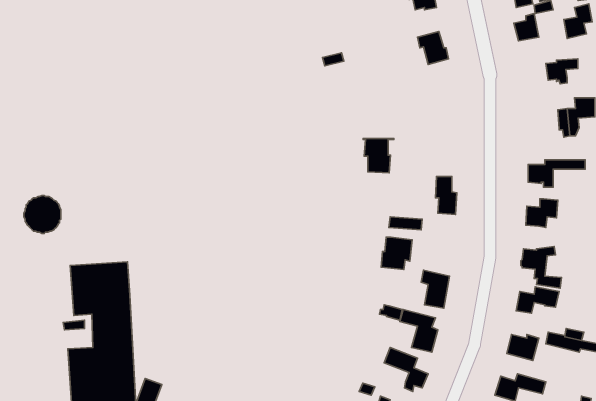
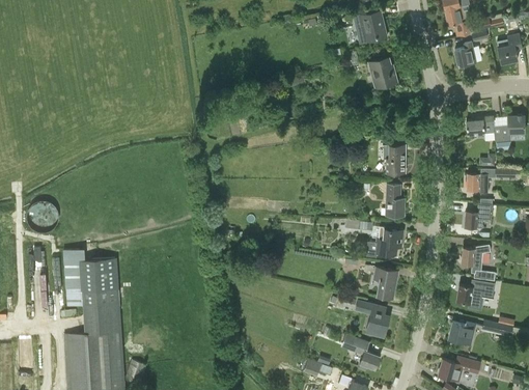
building: [546,59,578,84] -> [466,116,494,138]
building: [363,138,394,173] -> [382,143,409,173]
building: [381,237,412,269] -> [375,227,402,255]

